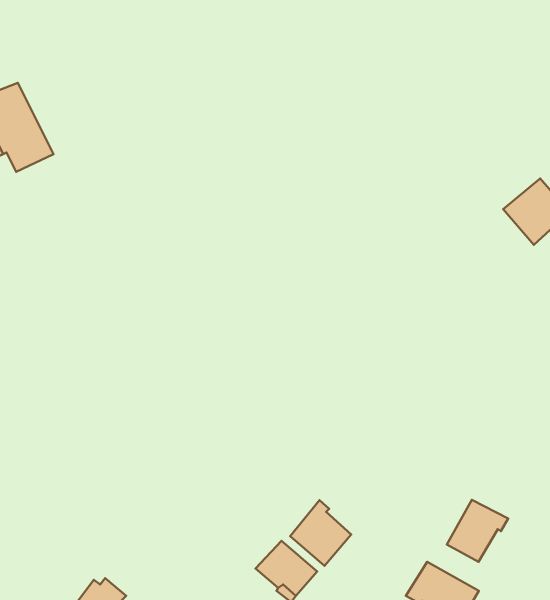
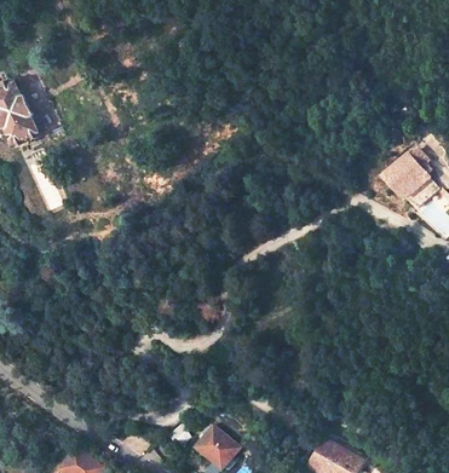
building: [447,500,508,562] -> none
building: [290,500,351,566] -> none

